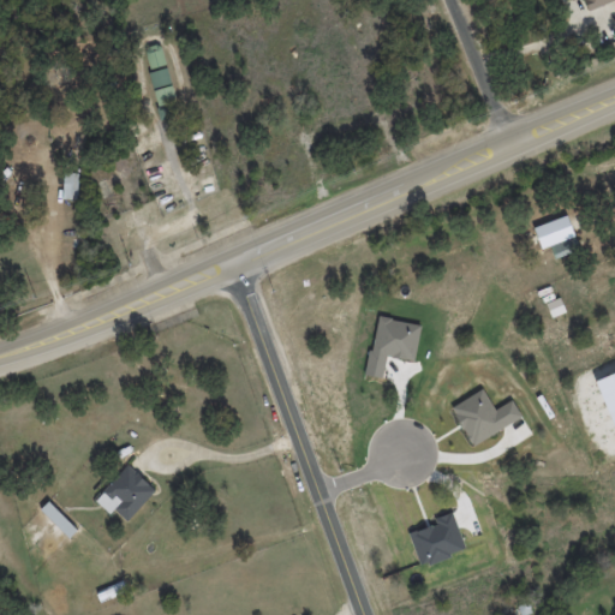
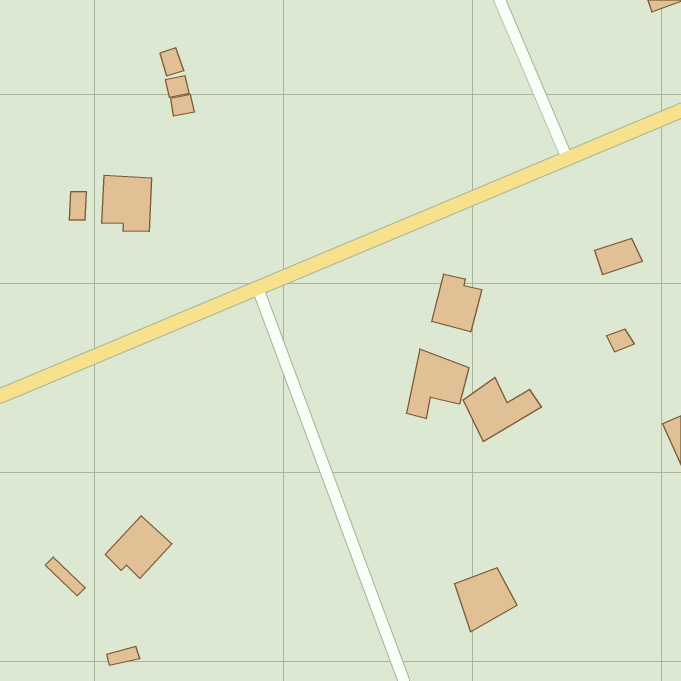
building: none -> [102,175,151,232]
building: none -> [432,274,482,332]
building: [454,388,525,446] -> [463,377,542,441]

